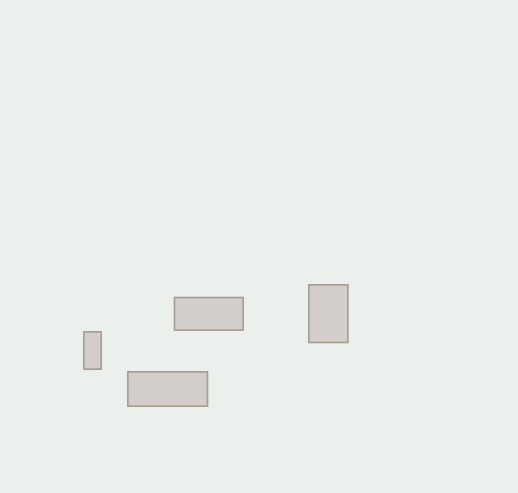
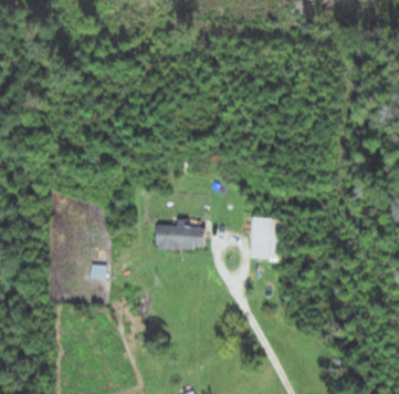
building: [128,372,208,406] -> none

